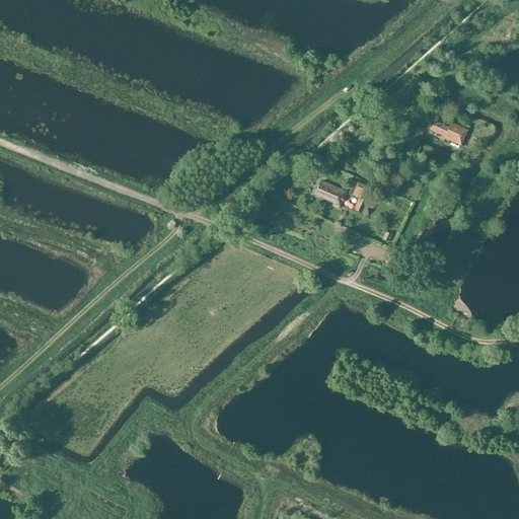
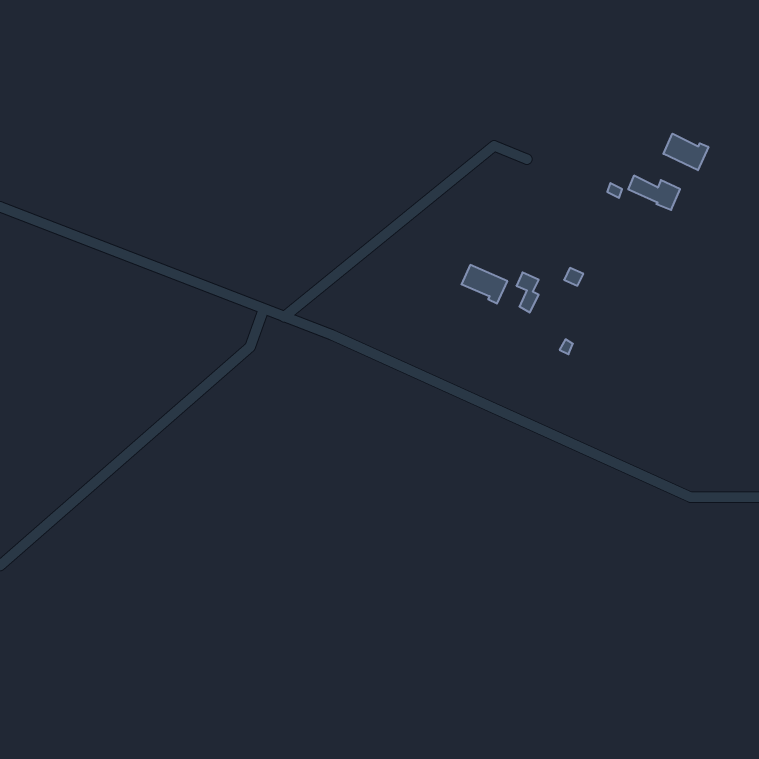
building: none -> [663,134,708,170]

